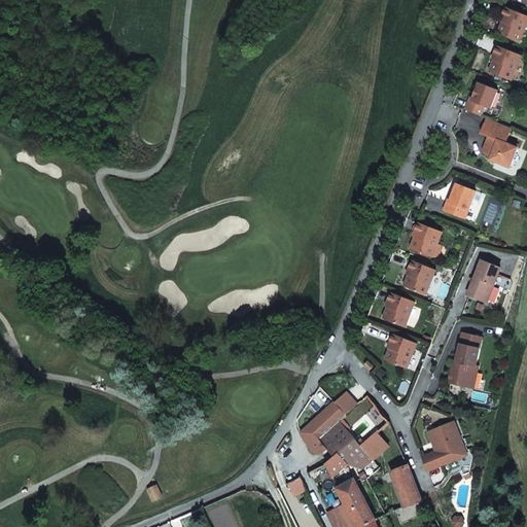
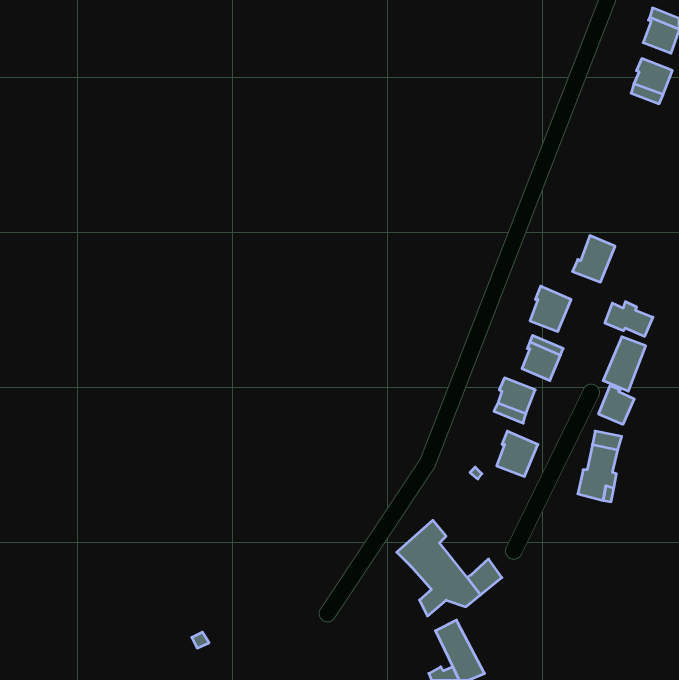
building: [464,82,497,115] -> none
building: [480,118,517,169] -> none
building: none -> [605,302,653,336]
building: none -> [599,385,634,424]
building: [421,422,466,471] -> none
building: [390,464,421,507] -> none

